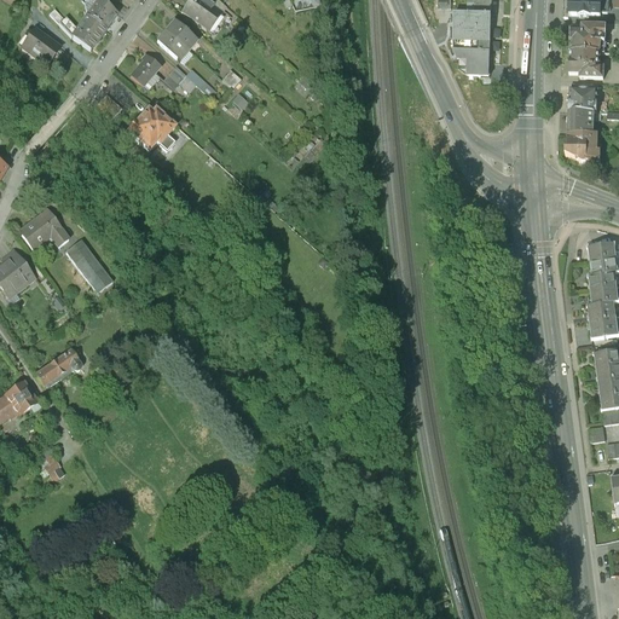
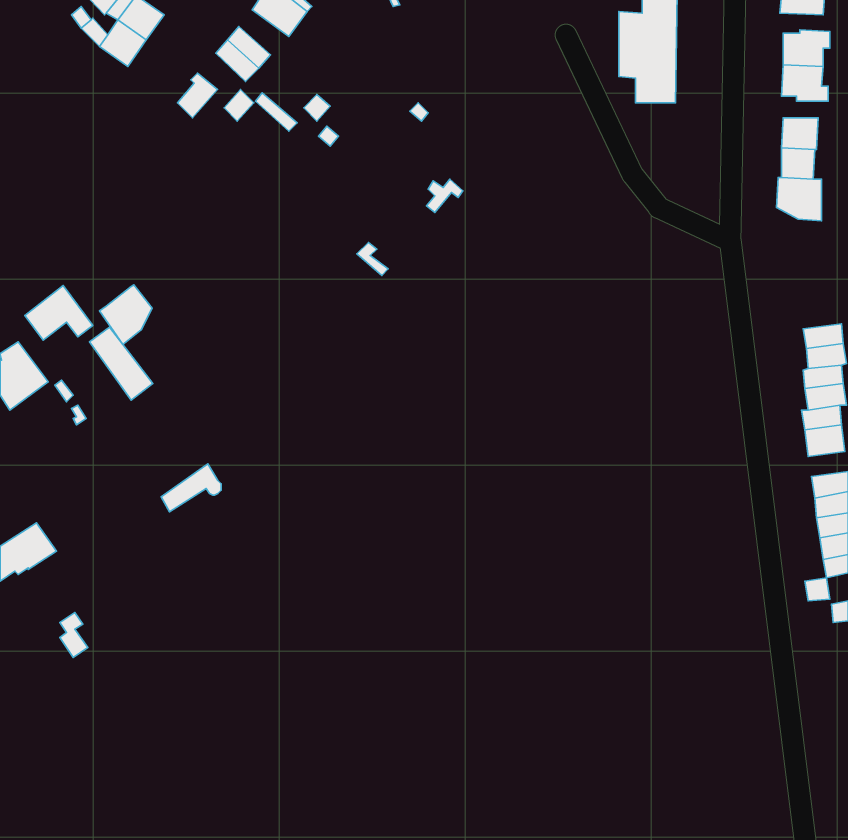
building: [19,27,59,64] -> none
building: [127,106,174,151] -> none
building: none -> [99,285,152,345]
building: [36,348,80,383] -> [161,464,221,512]

